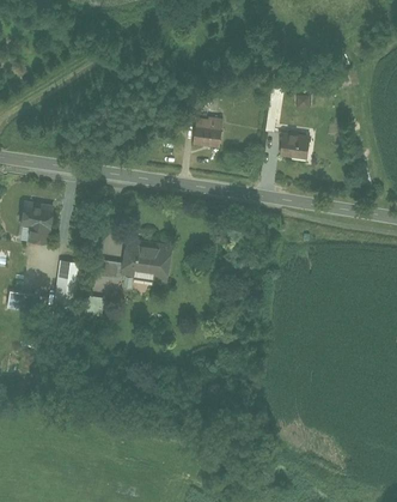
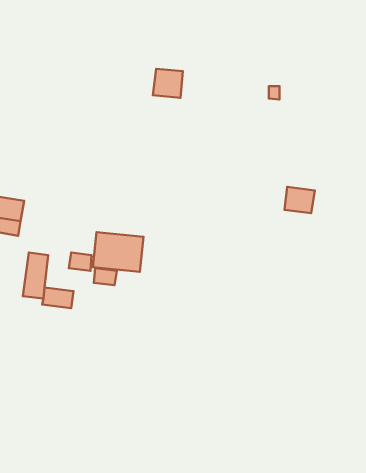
building: [191,116,221,145] -> [153,69,183,98]
building: [279,131,309,157] -> [285,187,315,213]

